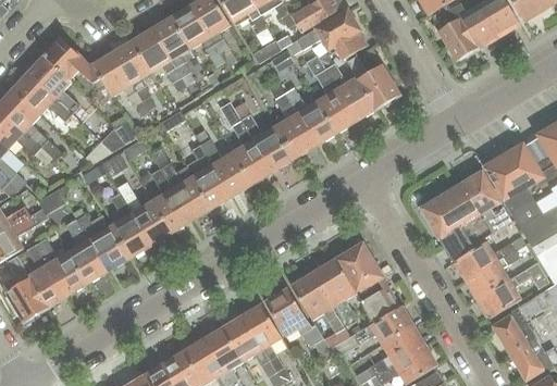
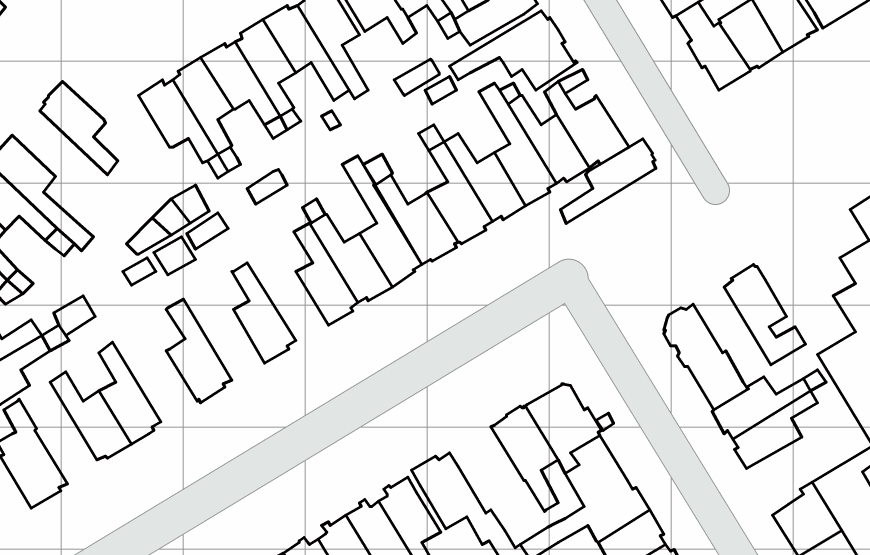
building: [44,34,111,99] -> none
building: [12,73,72,121] -> none
building: none -> [560,139,656,223]
building: [484,146,543,226] -> none
building: [153,150,211,217] -> none
building: [116,180,171,242] -> none
building: [441,184,490,244] -> none
building: [75,212,128,269] -> none
building: [26,244,65,308] -> none
building: [474,261,547,319] -> none
building: [290,272,344,333] -> none

